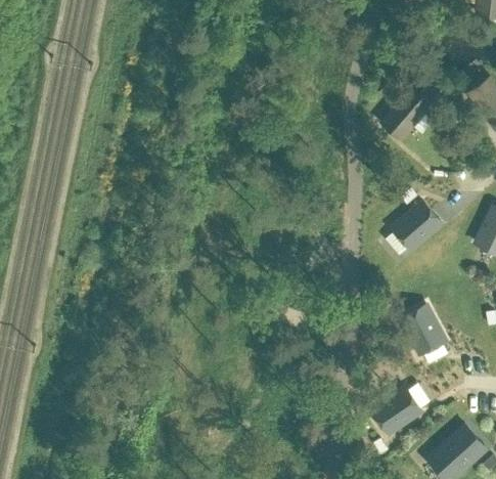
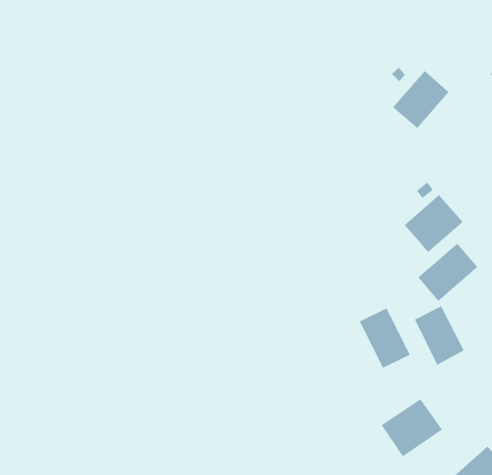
building: none -> [418,243,478,302]
building: none -> [359,308,411,369]

